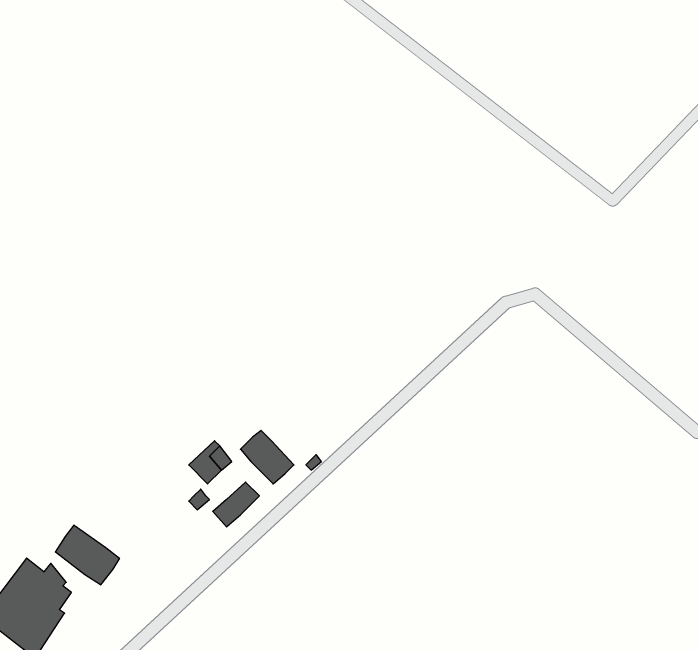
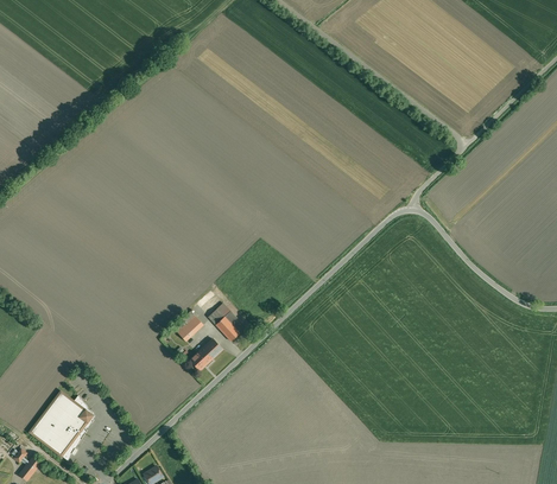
building: [55,525,119,585] -> none

